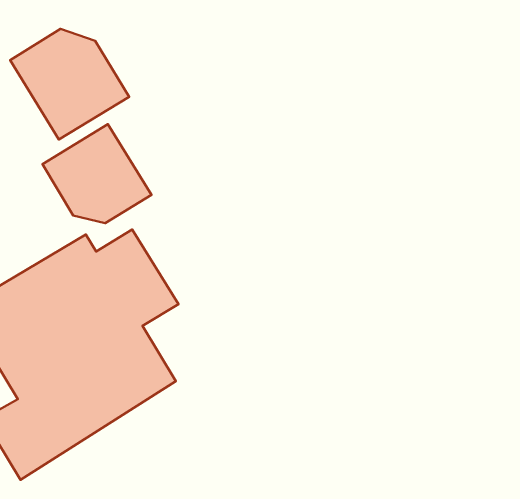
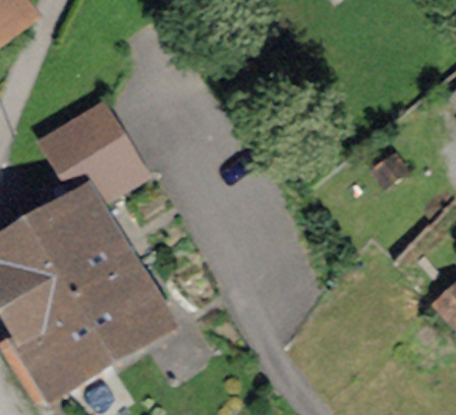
building: [10,29,129,139] -> none

